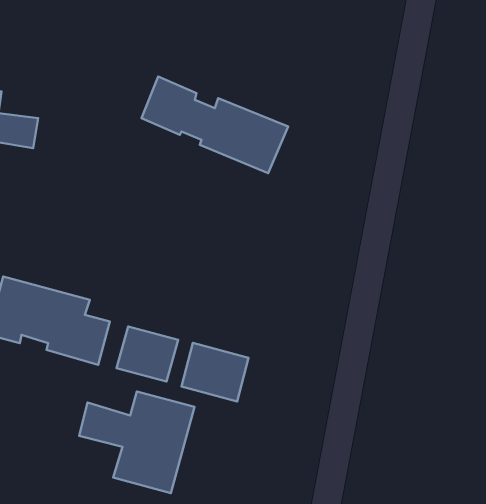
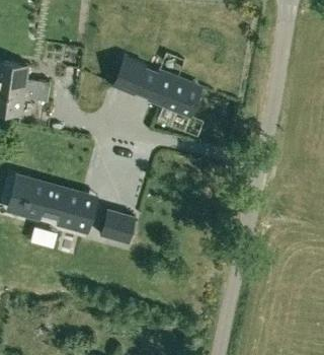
building: [182,343,248,401] -> none
building: [79,392,194,493] -> none

